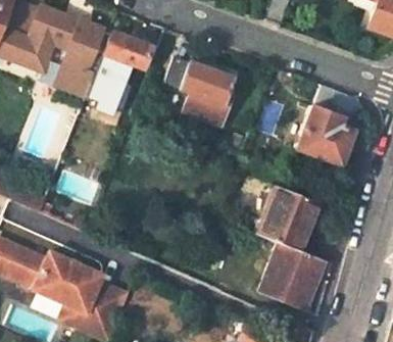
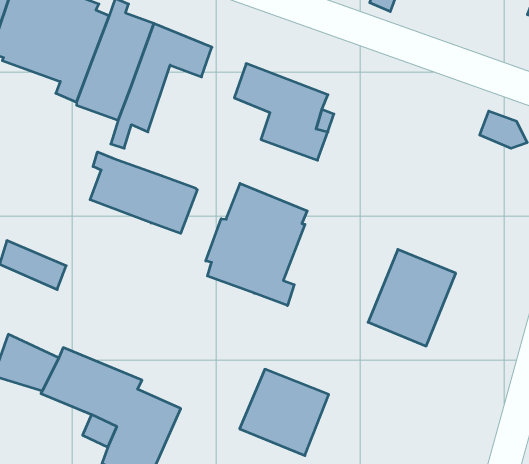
building: [293,107,351,166] -> none
building: none -> [90,152,197,233]
building: none -> [206,183,307,306]
building: [259,248,321,307] -> [240,369,329,456]

